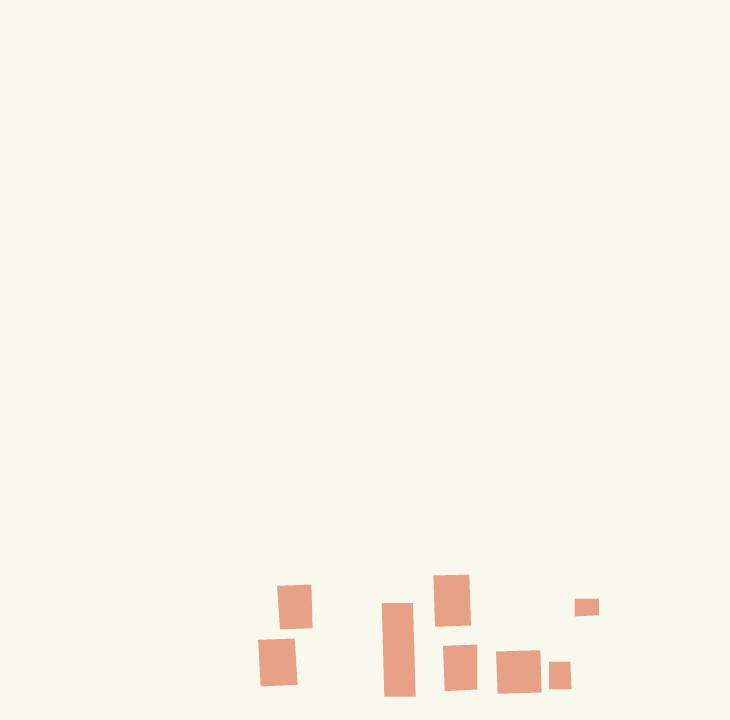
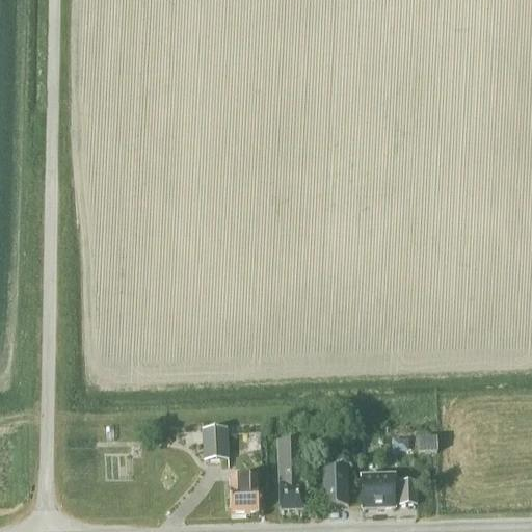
building: [433,574,471,627] -> none
building: [257,638,299,687] -> [229,473,259,508]

